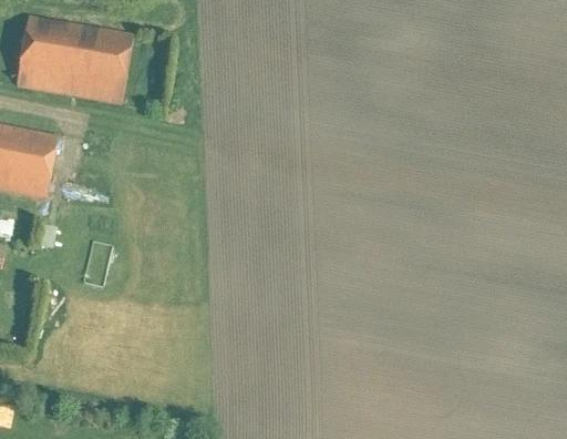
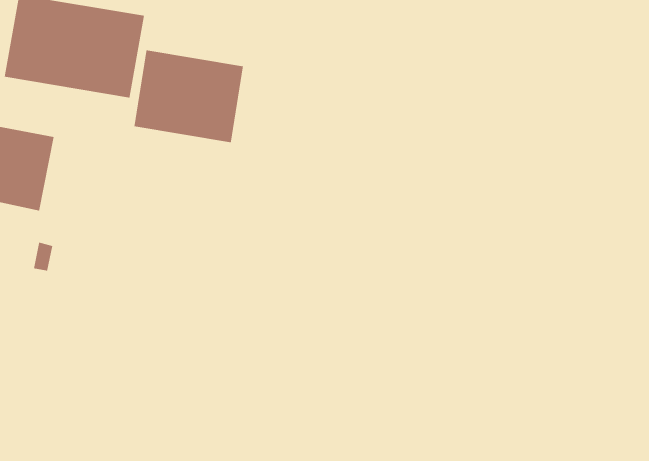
building: none -> [134,50,244,143]

